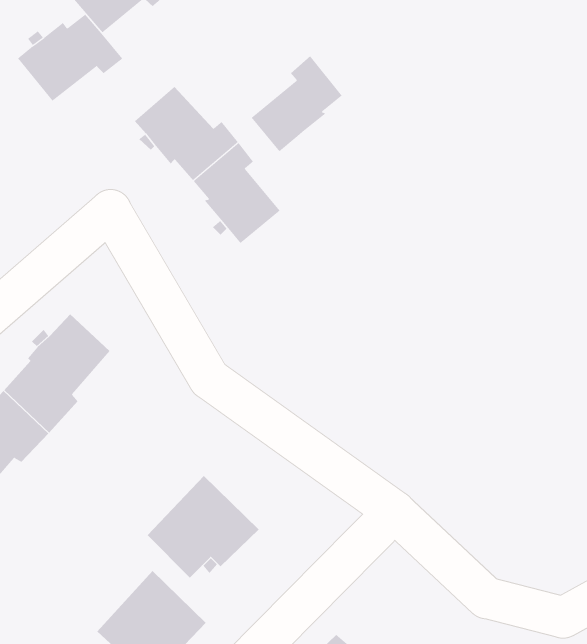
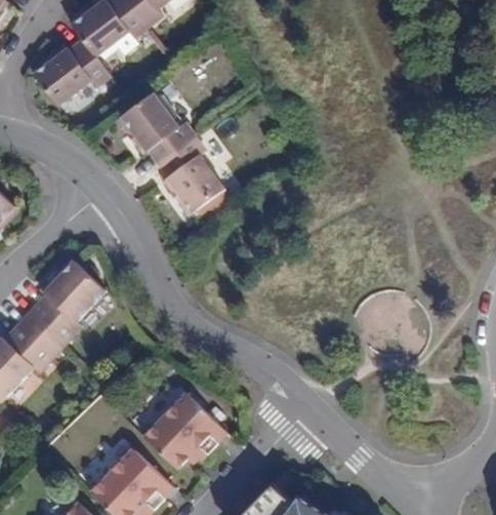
building: [251,56,343,152] -> none

